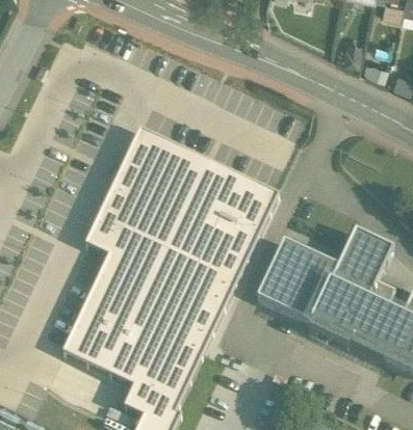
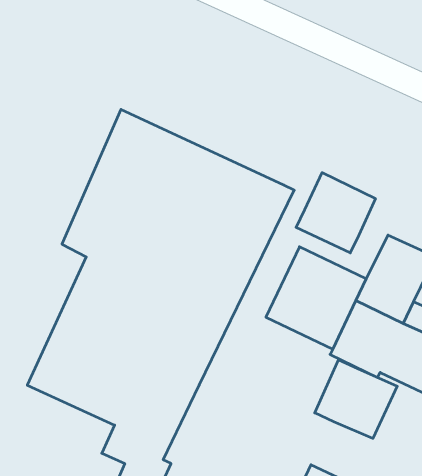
building: none -> [296,173,375,253]
building: none -> [315,360,397,438]

